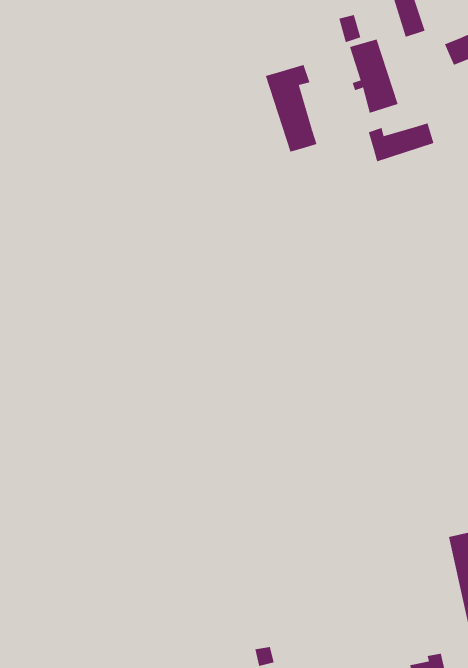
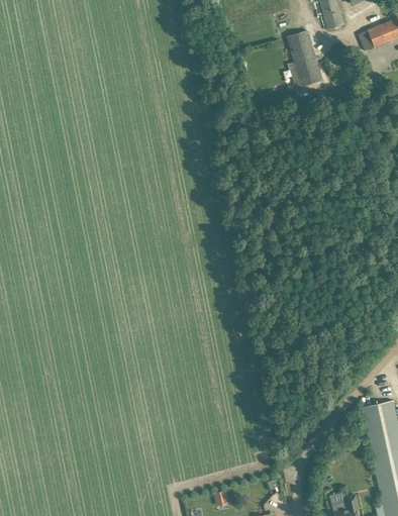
building: [265,64,317,152] -> none
building: [368,122,434,162] -> none

